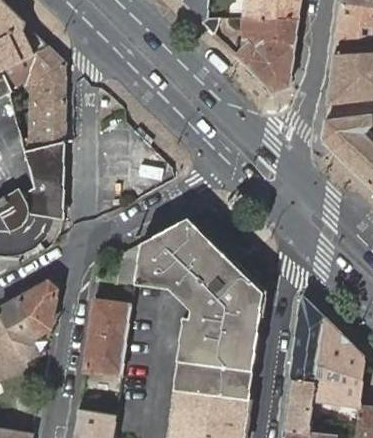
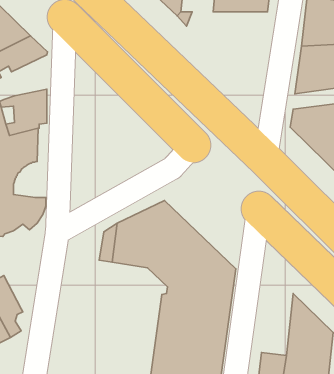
building: [233,20,297,93] -> none
building: [28,65,65,108] -> none
building: [30,137,65,215] -> none
building: [20,281,55,332] -> none
building: [291,297,324,381] -> none
building: [85,300,131,374] -> none

